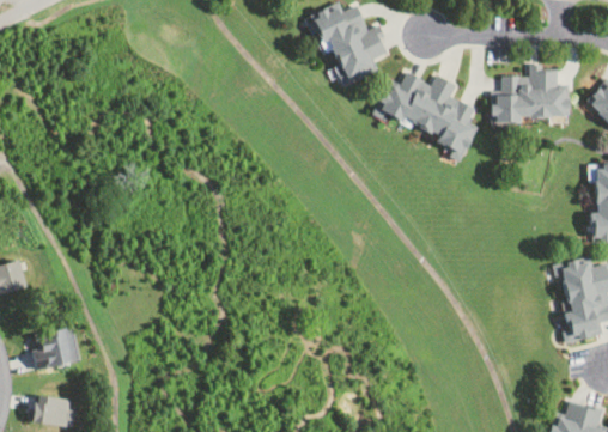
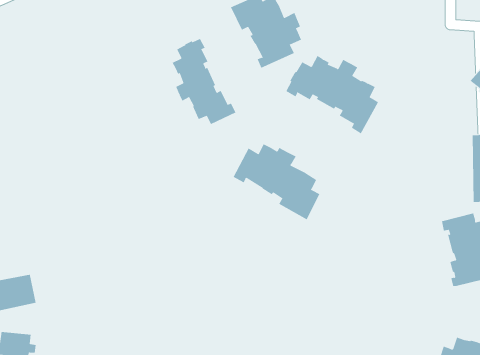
building: none -> [172,38,236,125]
building: [488,65,571,123] -> none
building: none -> [233,143,320,220]

